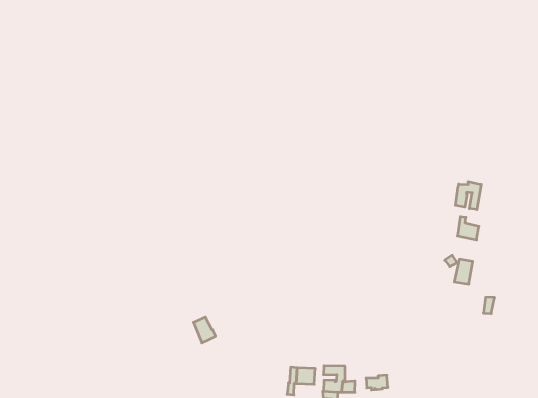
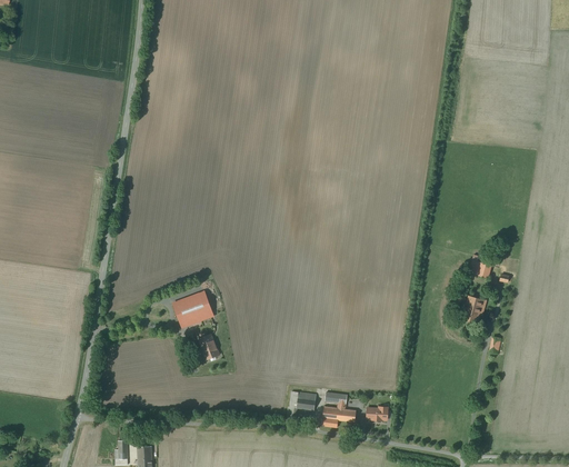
building: [455,182,481,210] -> none
building: none -> [173,292,213,328]

